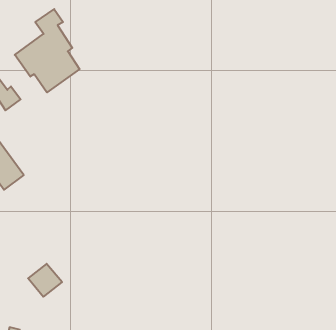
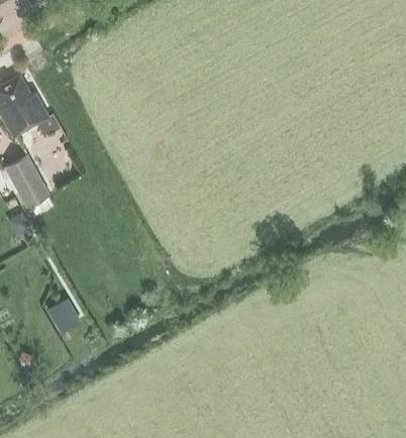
building: [15,9,80,92] -> none

